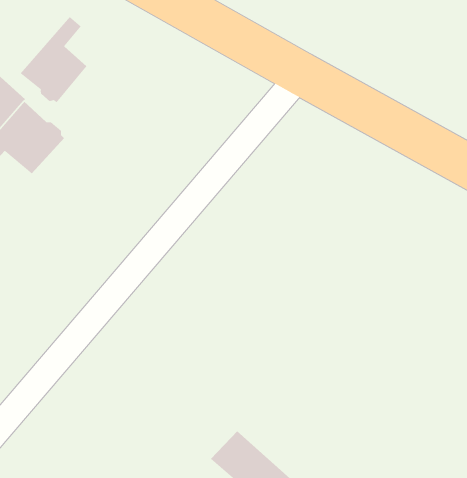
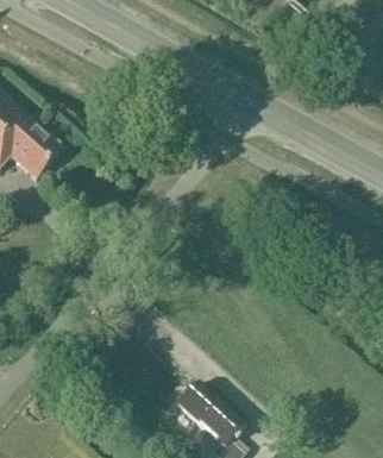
building: [20,16,87,103] -> none

